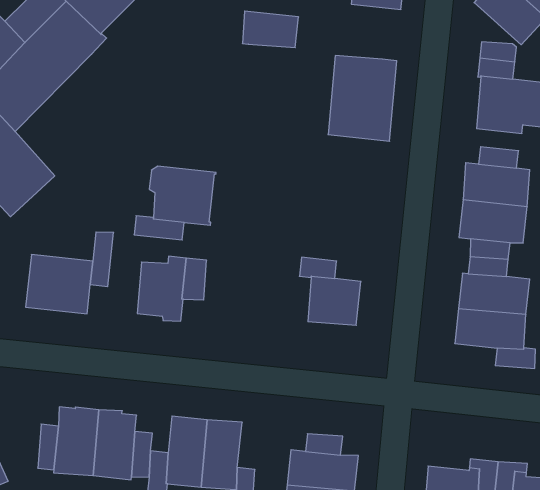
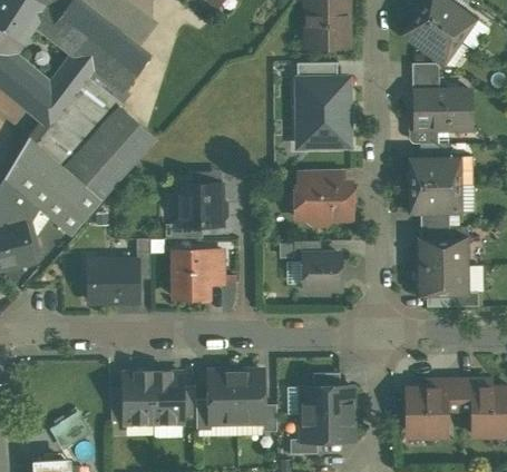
building: [242,11,299,48] -> [298,62,339,87]
building: none -> [68,106,156,200]
building: none -> [296,170,351,224]

